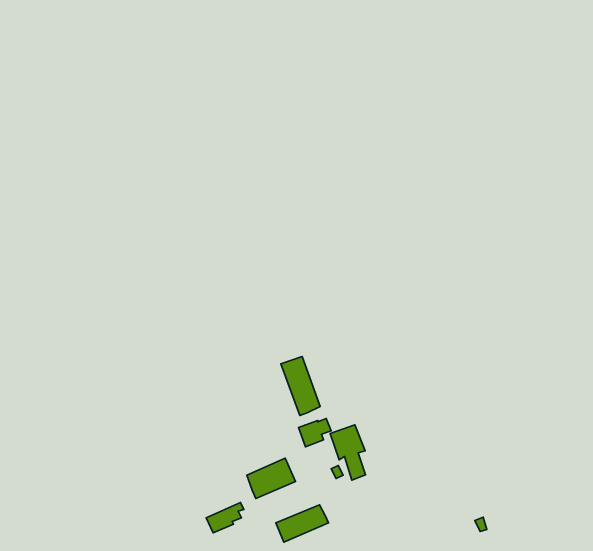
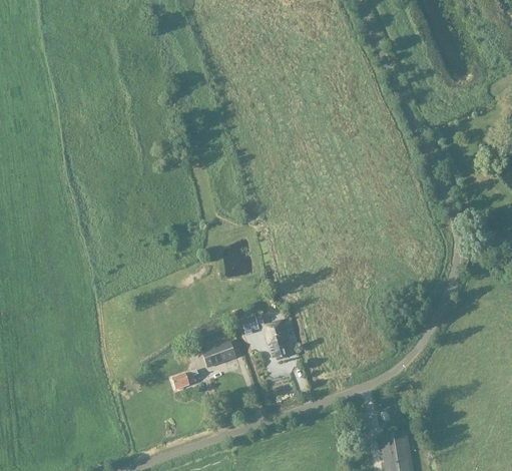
building: [281,356,320,416] -> none
building: [276,505,329,542] -> none

